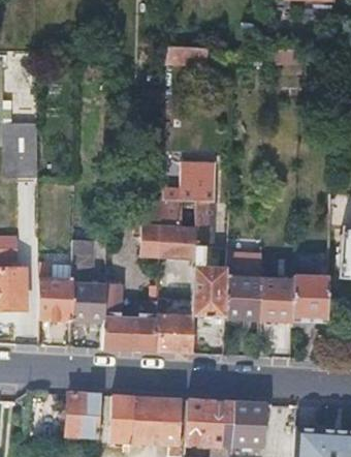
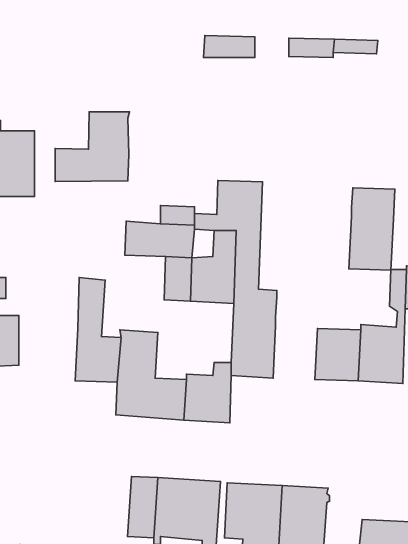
building: none -> [55,112,130,182]
building: [226,253,262,318] -> [349,188,395,270]
building: [38,276,72,319] -> none
building: [70,393,103,435] -> none

